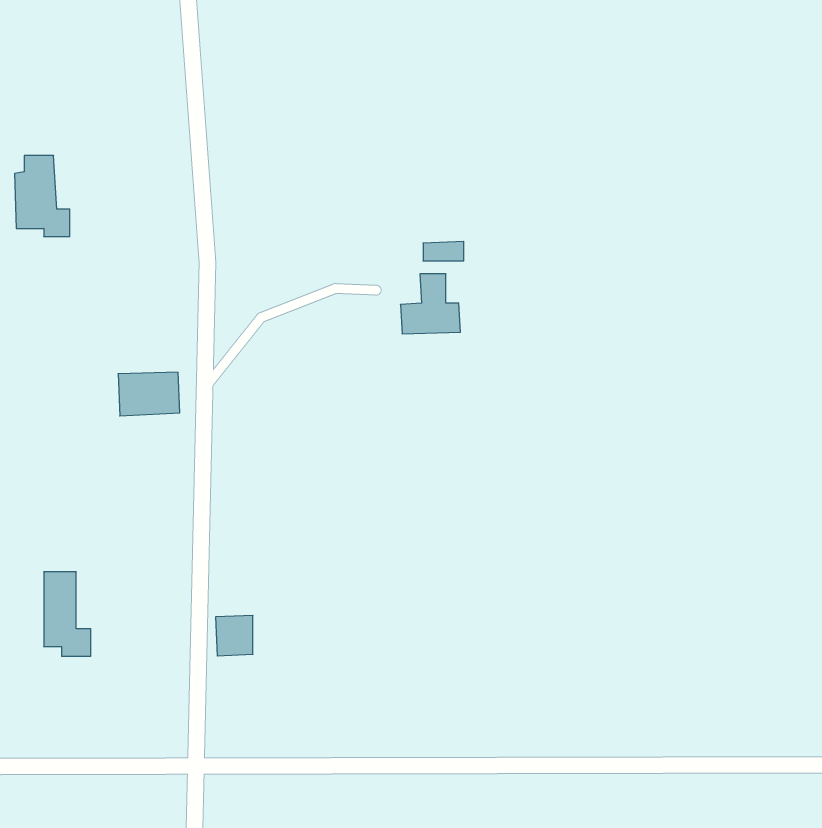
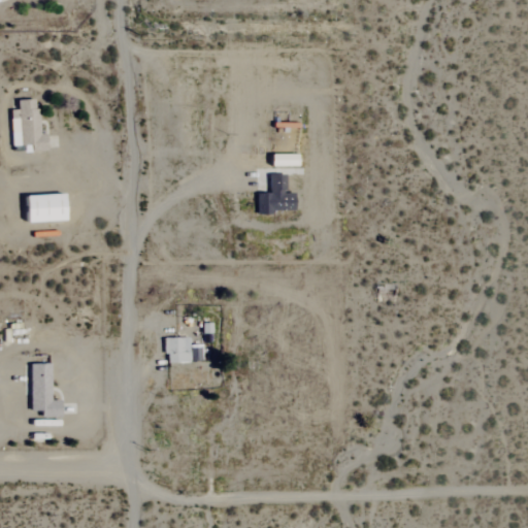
building: [118,372,180,416] -> [27,194,66,222]
building: [216,615,253,656] -> [167,337,191,363]

